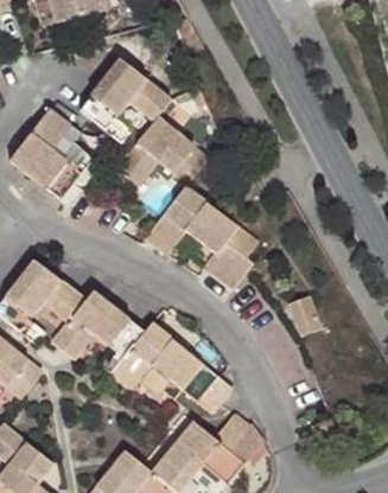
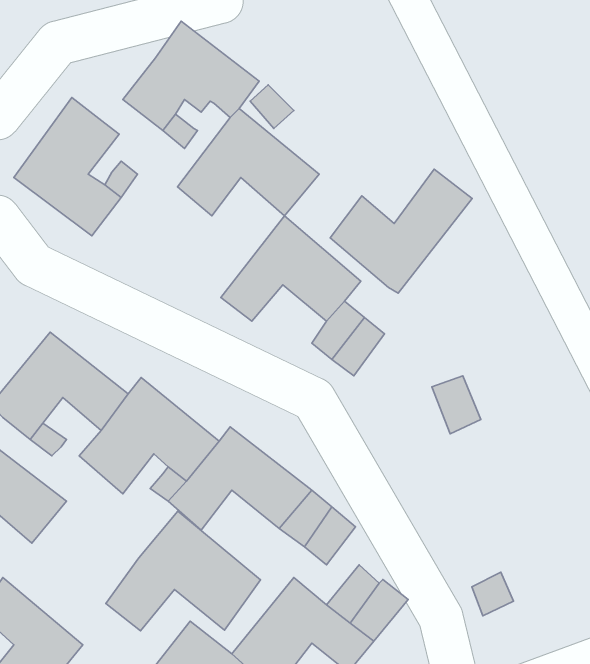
building: none -> [330,169,472,293]
building: none -> [106,511,261,631]

